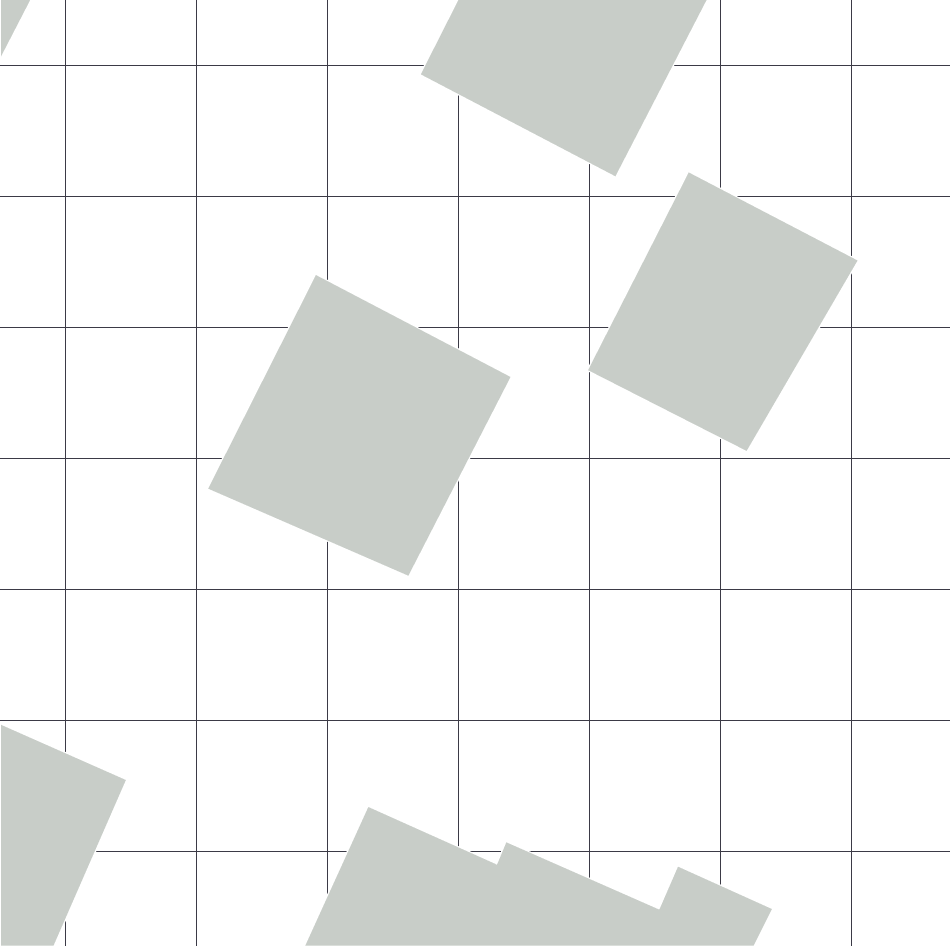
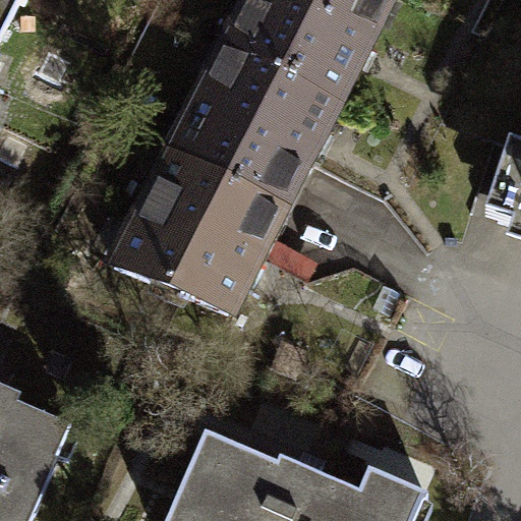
building: none -> [174,41,338,206]
building: [587,171,858,452] -> none

